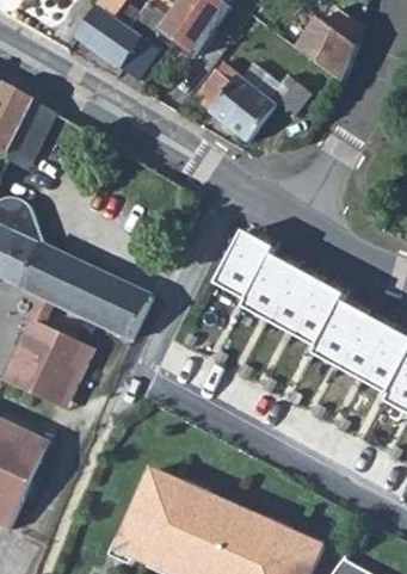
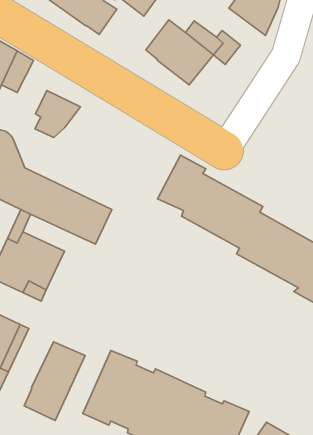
building: none -> [35,91,81,138]
building: none -> [24,342,85,420]

